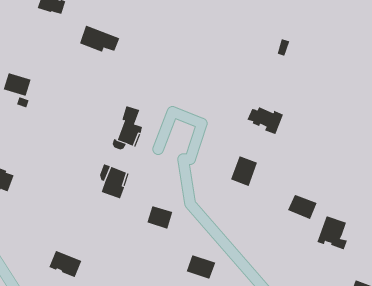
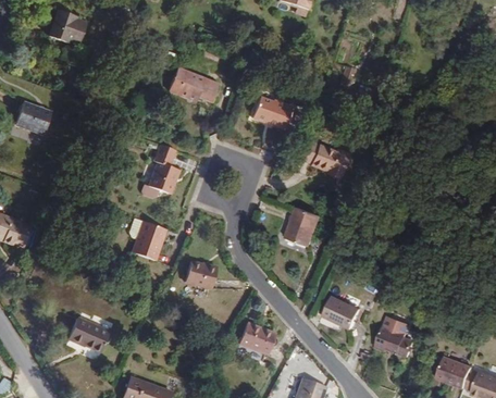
building: [79,25,120,53] -> [165,67,215,101]
building: none -> [249,97,289,129]
building: [287,194,318,220] -> [322,297,359,328]
building: [317,216,348,250] -> [372,315,410,358]

